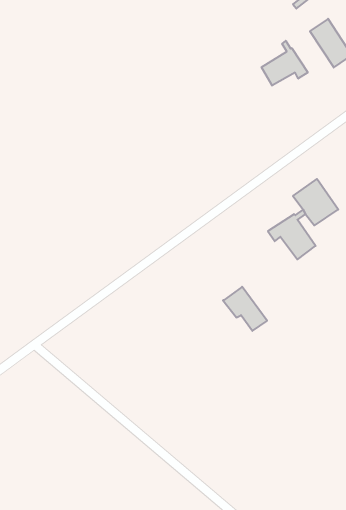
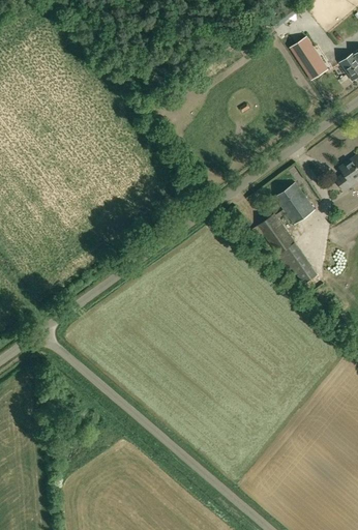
building: [262,41,308,86] -> none
building: [223,287,267,331] -> [277,242,318,283]

